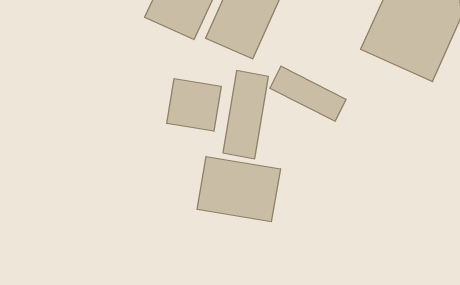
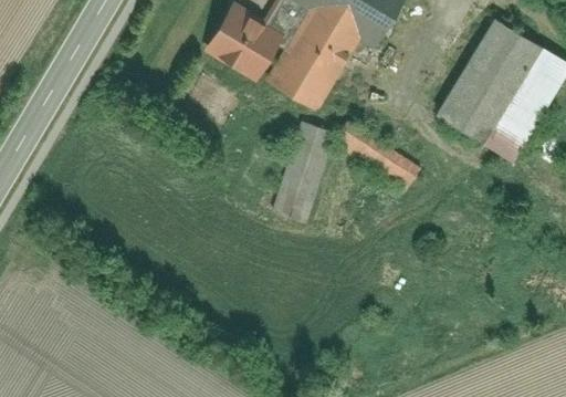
building: [167,79,221,131] -> none
building: [197,156,280,222] -> none

